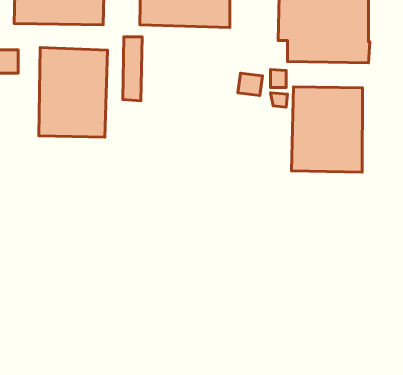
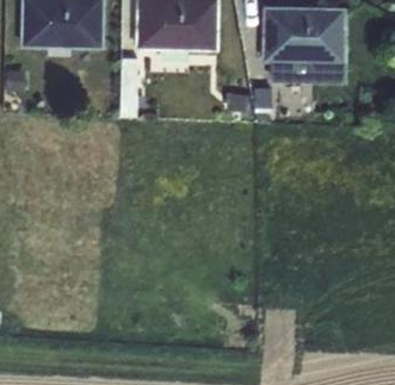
building: [39,47,107,137] -> none
building: [291,87,363,172] -> none

